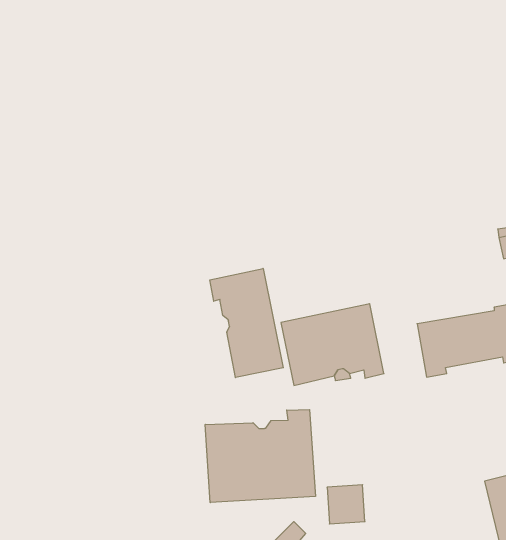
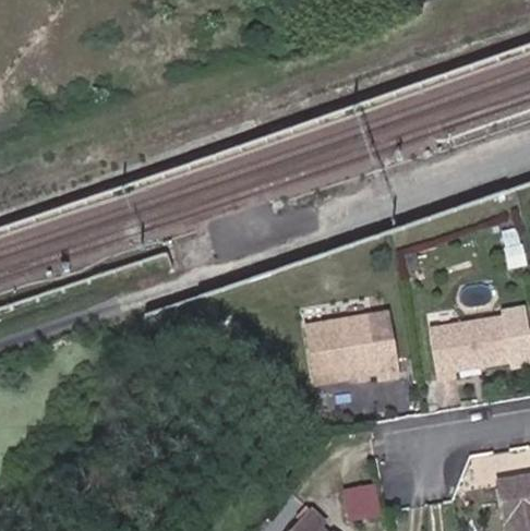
building: [210,268,283,378] -> none
building: [205,410,315,503] -> none

